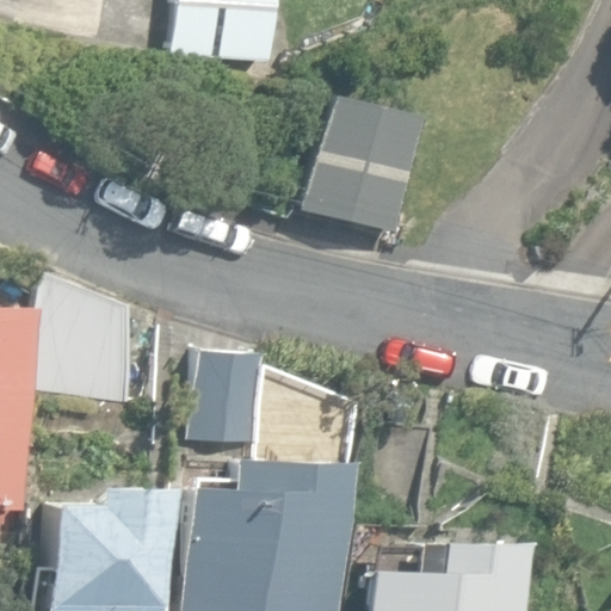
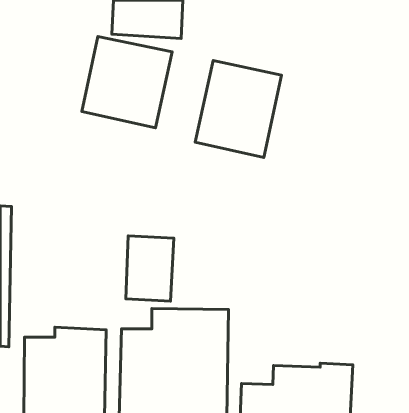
building: none -> [82,36,172,128]
building: [43,272,137,406] -> none

